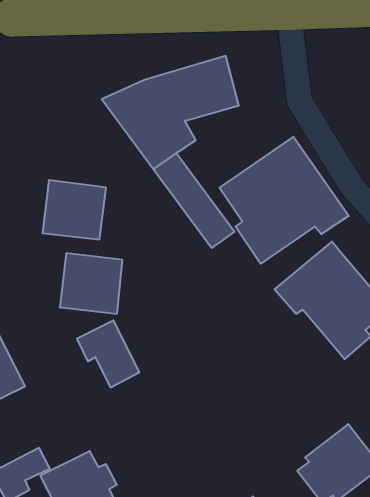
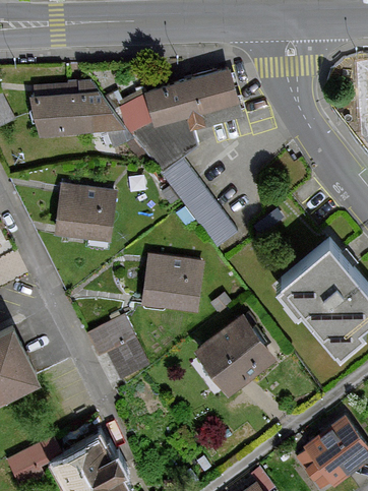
building: none -> [29,81,132,148]
building: [220,137,349,264] -> none
building: [60,253,122,314] -> [142,254,201,311]
building: none -> [194,314,274,393]

